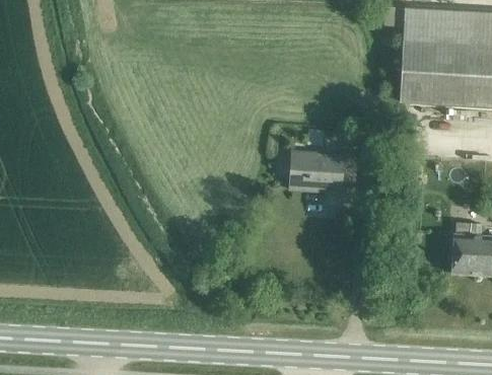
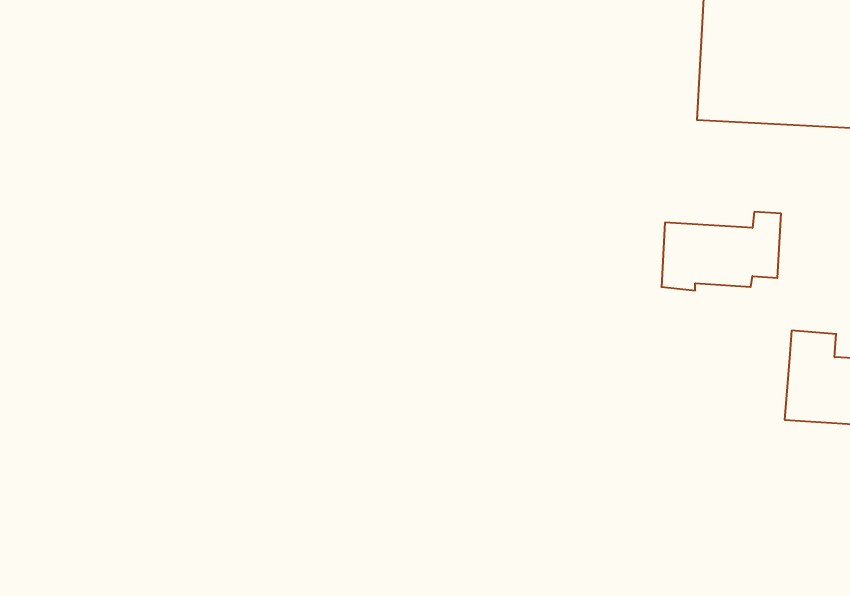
building: [289,146,357,191] -> [661,212,781,290]

